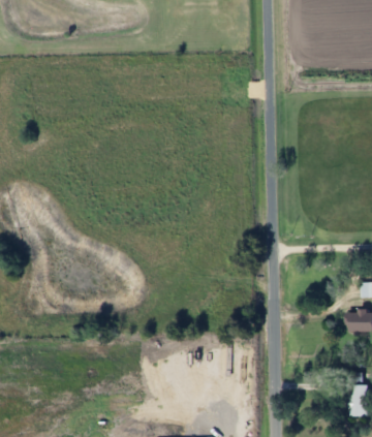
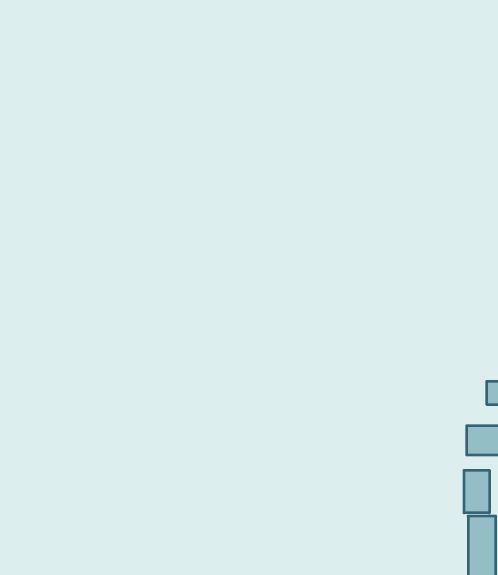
building: none -> [464,470,489,513]

